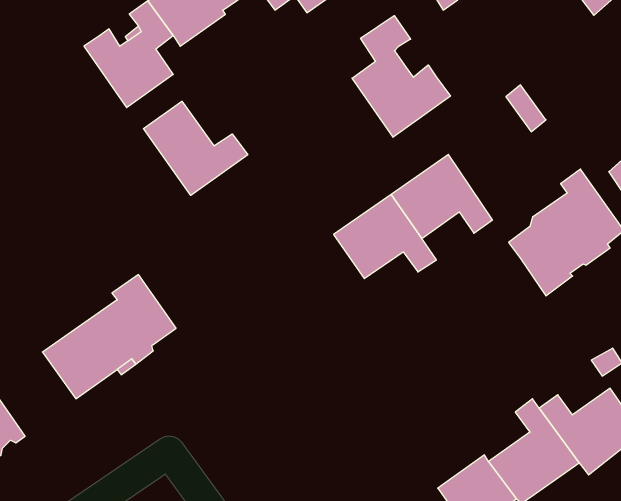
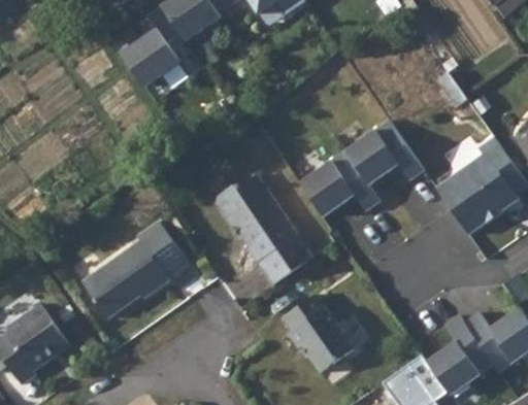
building: [352,16,450,137] -> none
building: [143,101,248,195] -> none
building: none -> [214,174,310,281]
building: none -> [283,291,354,368]

